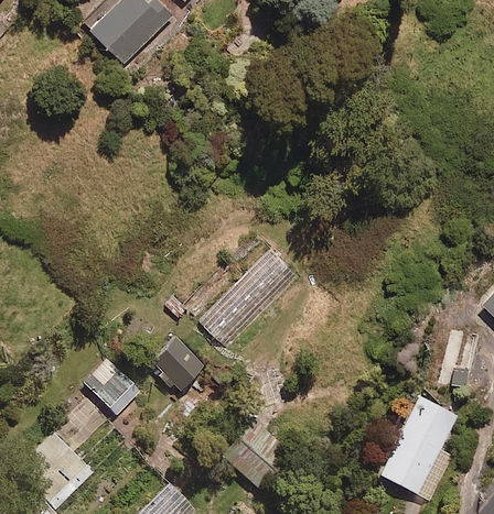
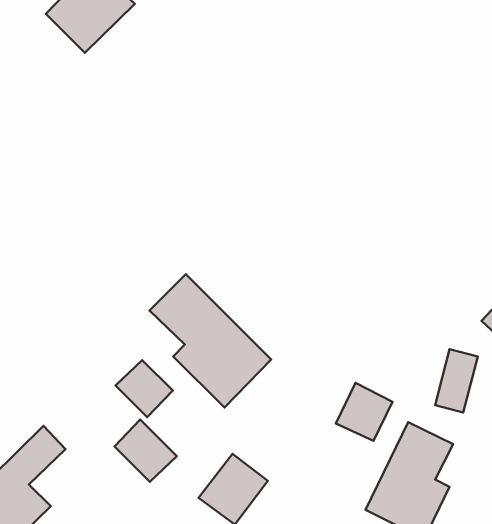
building: none -> [149,274,271,407]
building: [84,358,140,414] -> [115,420,177,482]
building: none -> [336,383,392,441]

